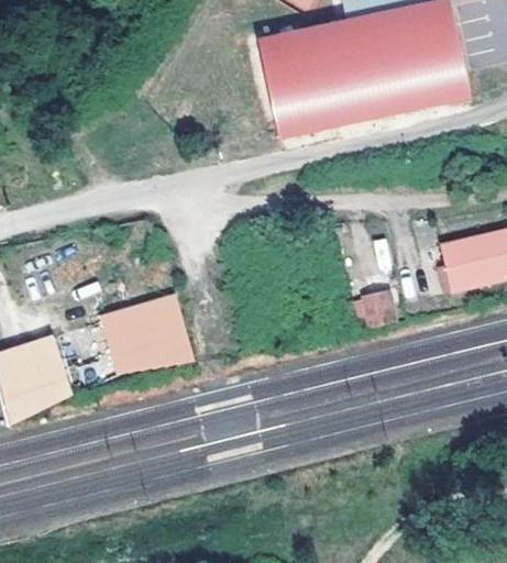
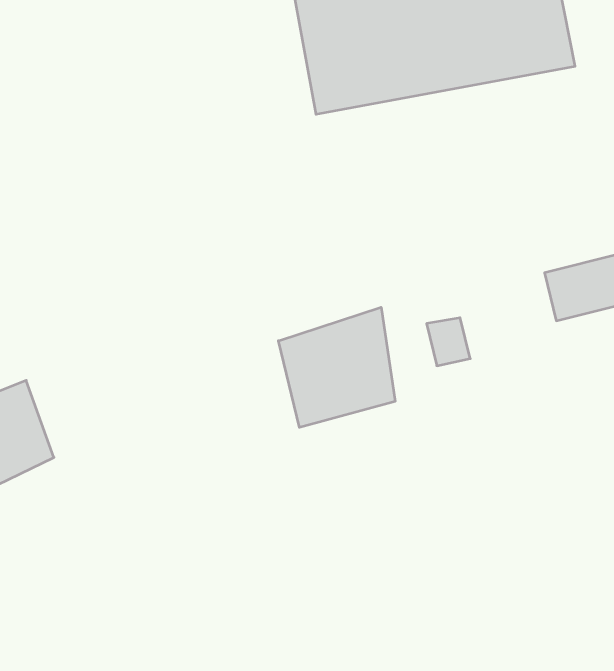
building: none -> [278,307,395,427]
building: [99,287,196,372] -> none

